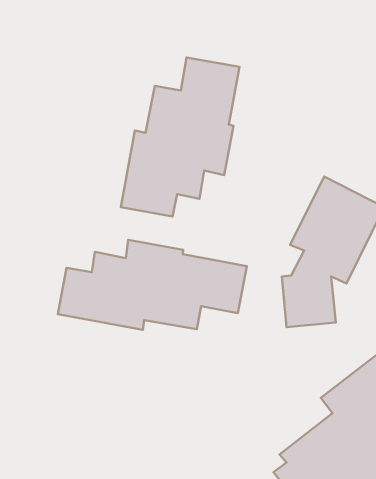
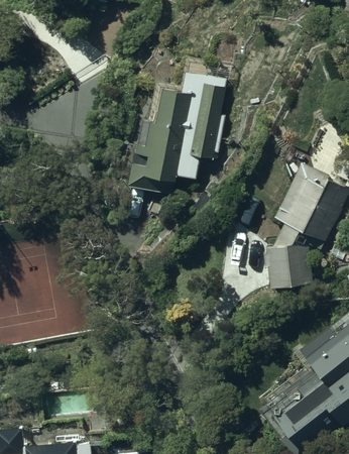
building: [58,240,247,330] -> none

